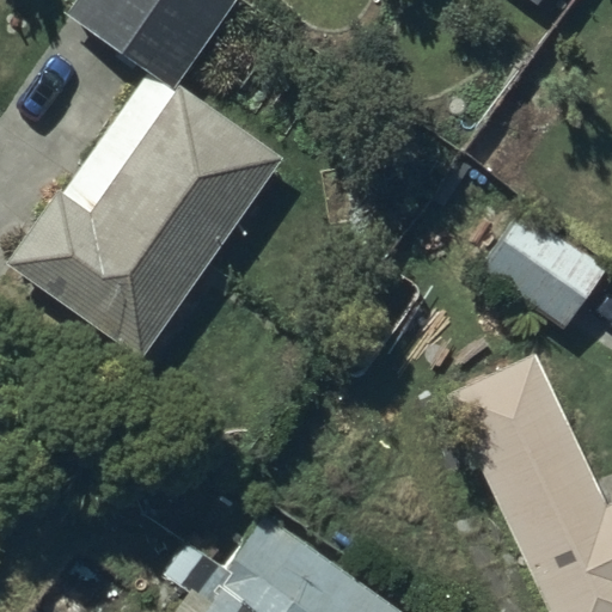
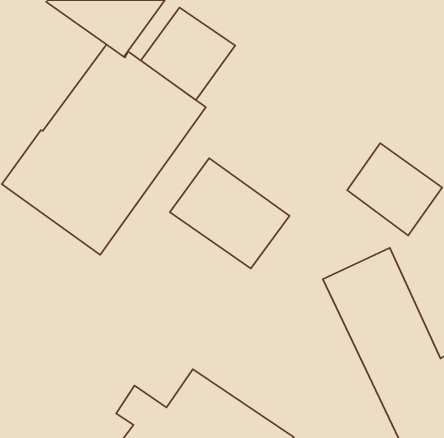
building: none -> [141,7,235,100]
building: none -> [170,158,289,268]

